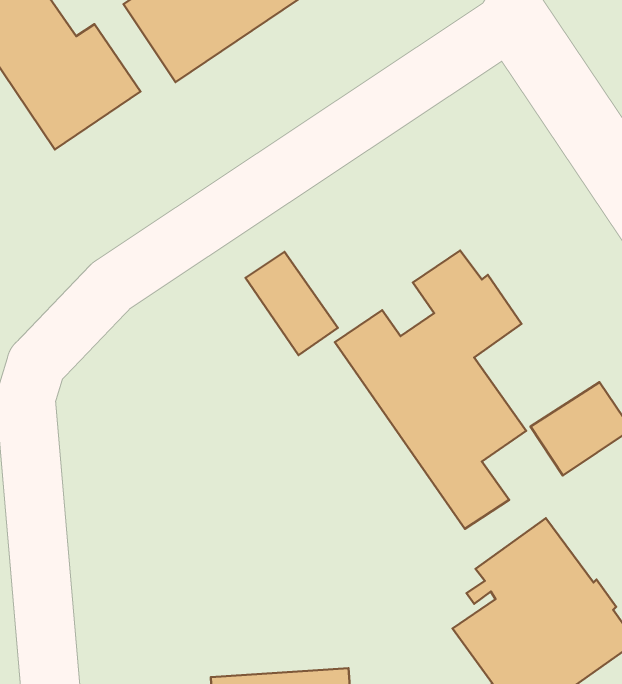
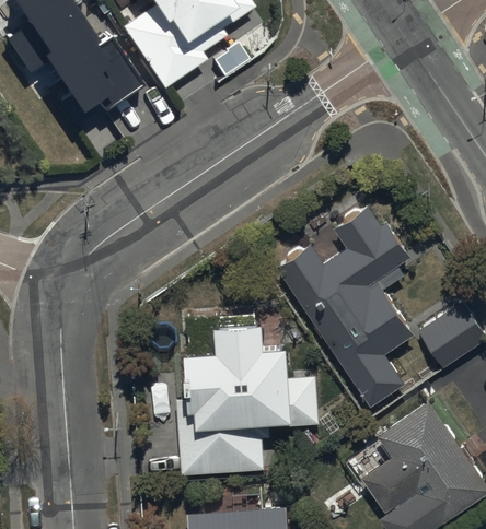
building: [245,252,338,355] -> none
building: none -> [173,308,321,473]

